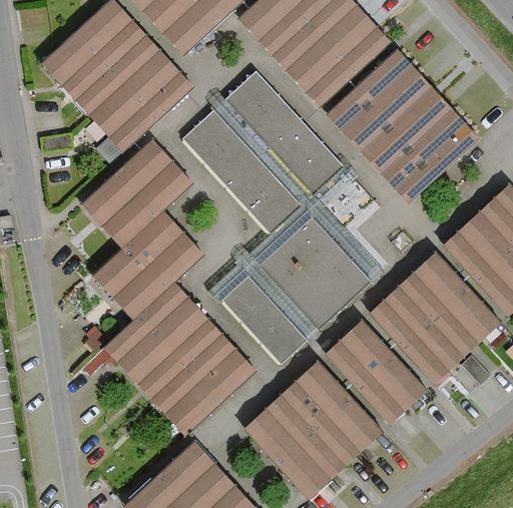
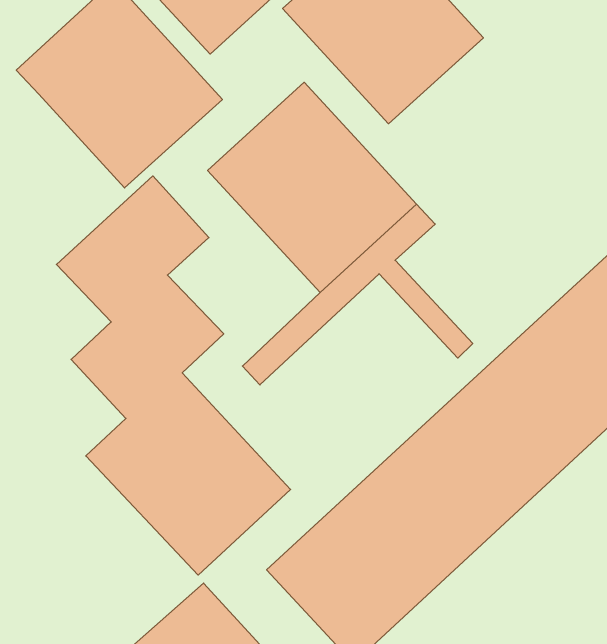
building: [332,52,481,201] -> none
building: [225,217,374,364] -> none

